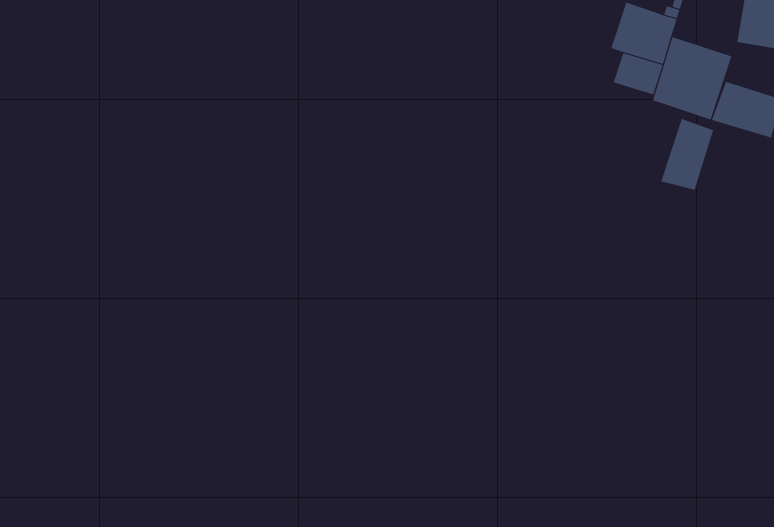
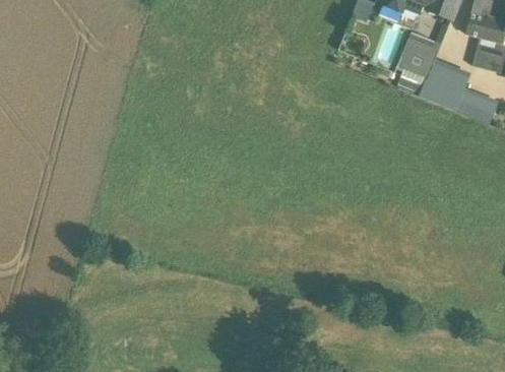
building: [660,118,714,190] -> none

